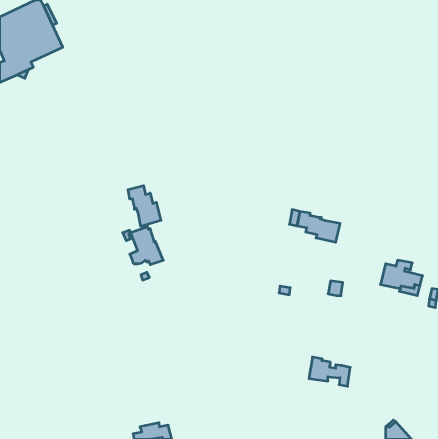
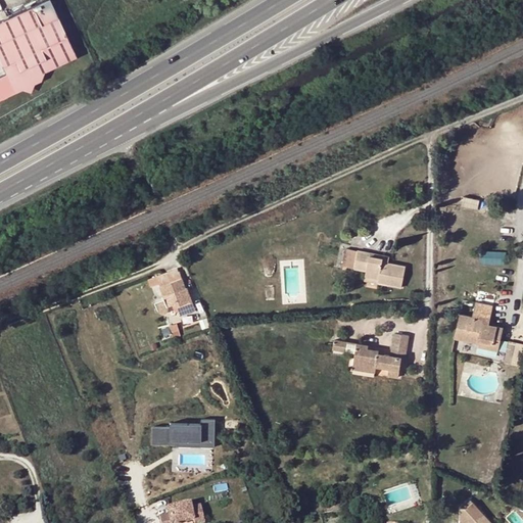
building: [128,186,161,226] -> none
building: [309,357,350,386] -> [351,343,400,378]
building: none -> [158,425,217,450]

